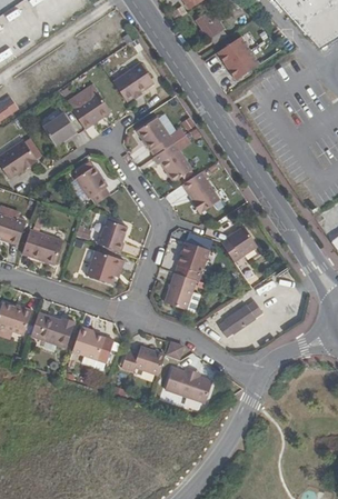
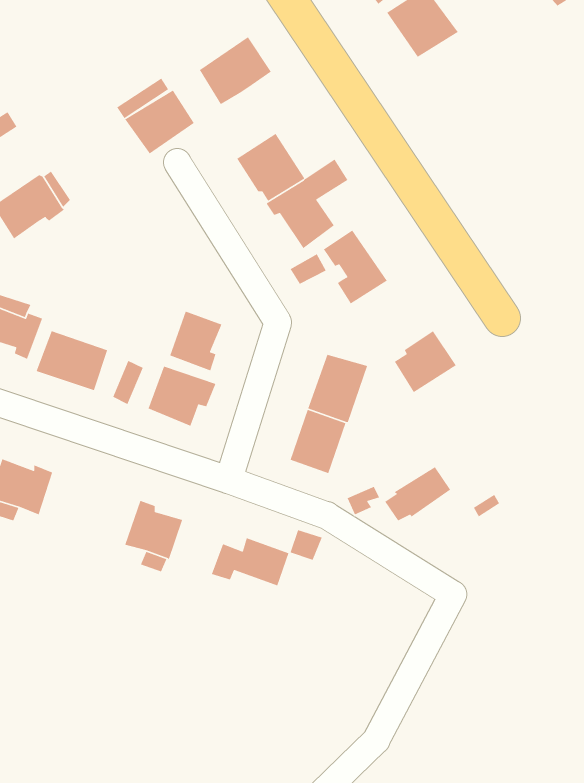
building: [43,112,79,144] -> none
building: [76,166,109,203] -> none
building: [30,310,74,346] -> none
building: [163,367,210,402] -> none

